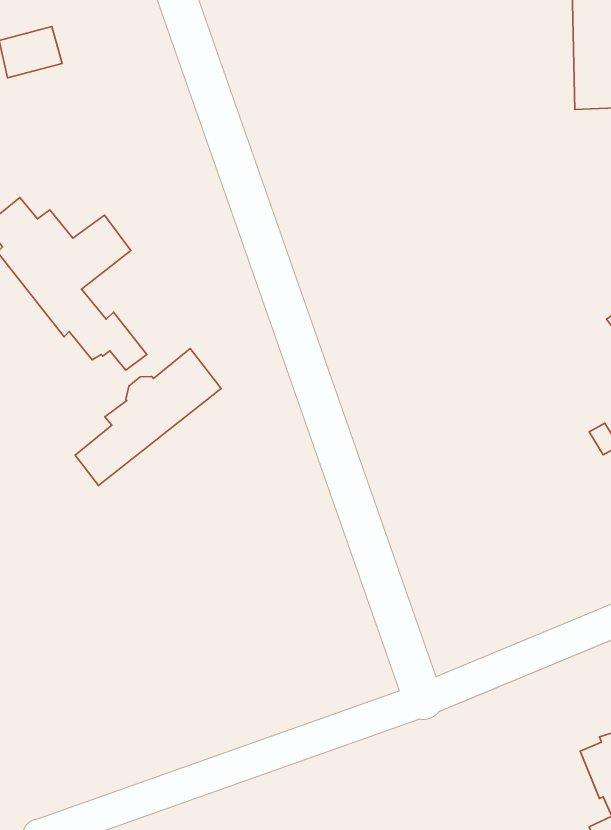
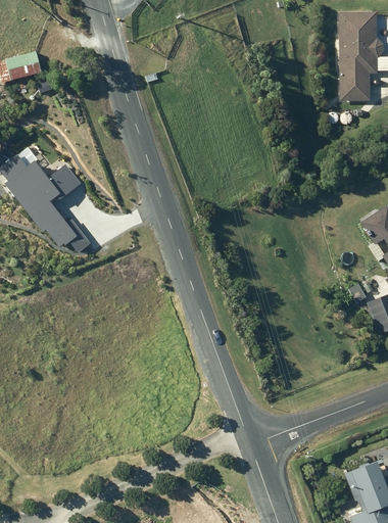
building: [75,348,221,486] -> none

